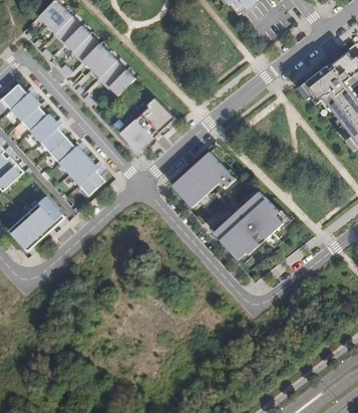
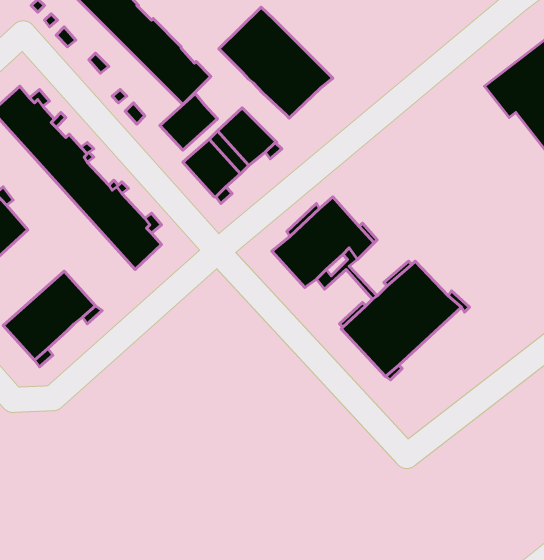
building: none -> [219,7,333,118]
building: none -> [160,94,218,150]

